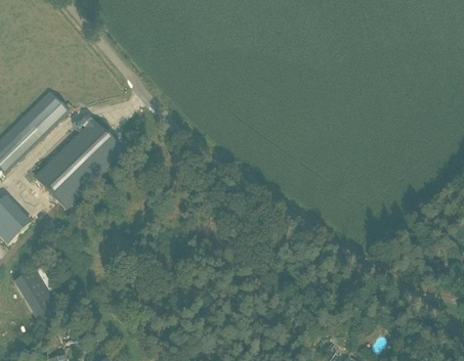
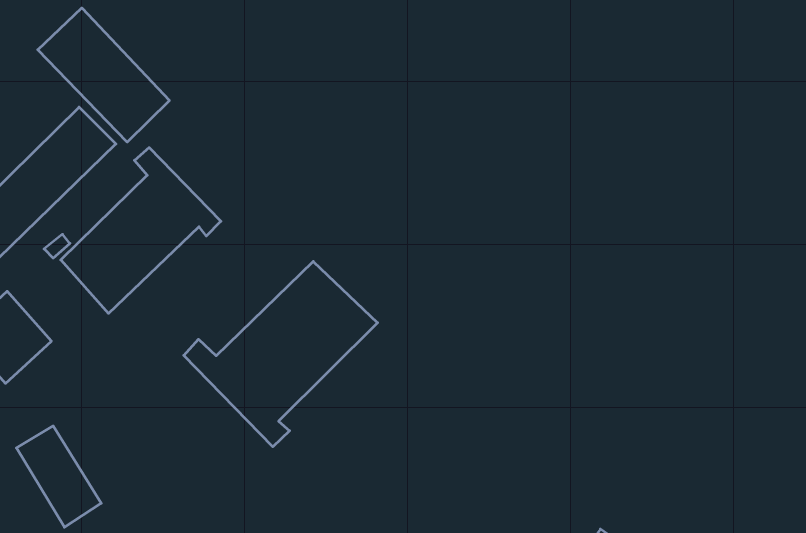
building: none -> [38,8,169,142]
building: none -> [184,261,378,447]

